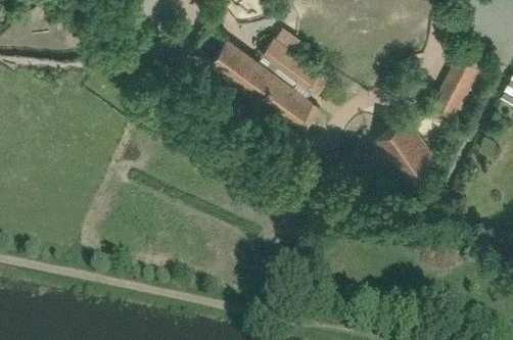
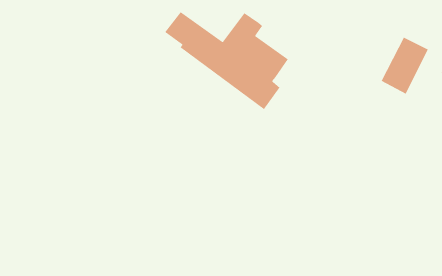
building: [372,117,434,181] -> none

